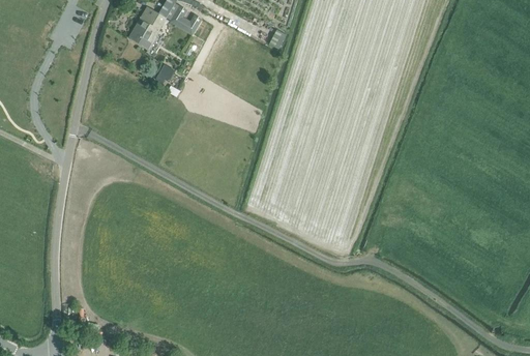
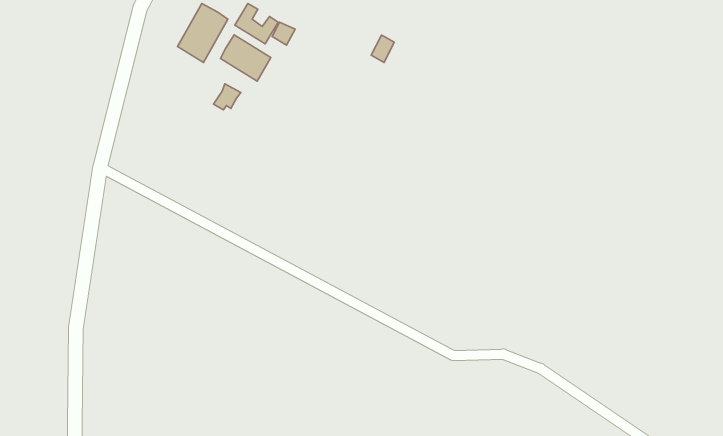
building: none -> [221,35,271,81]

